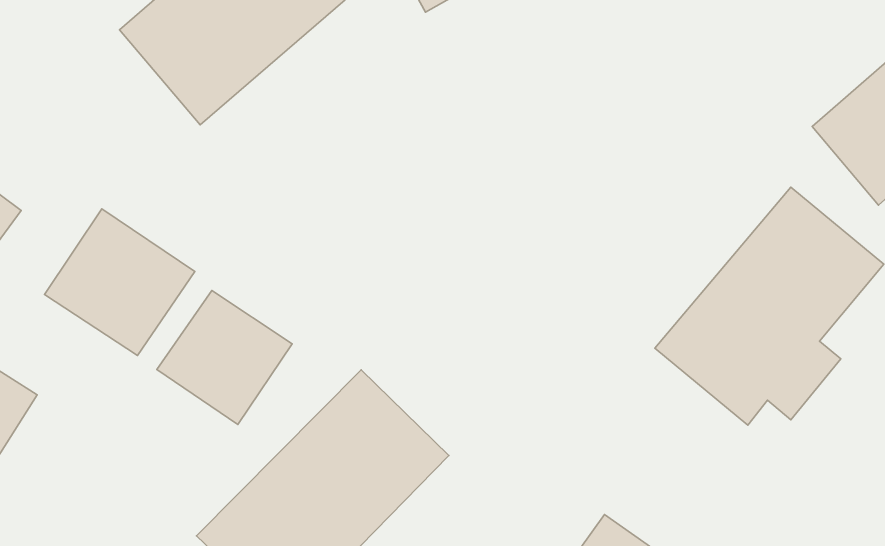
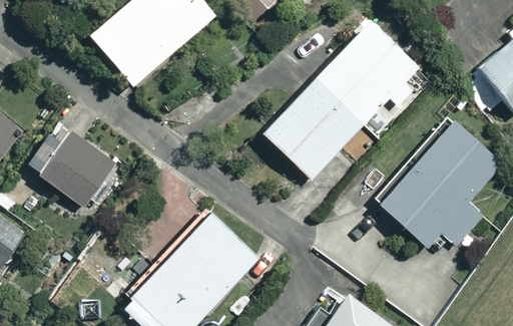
building: none -> [264,21,421,184]
building: [157,291,292,425] -> none

